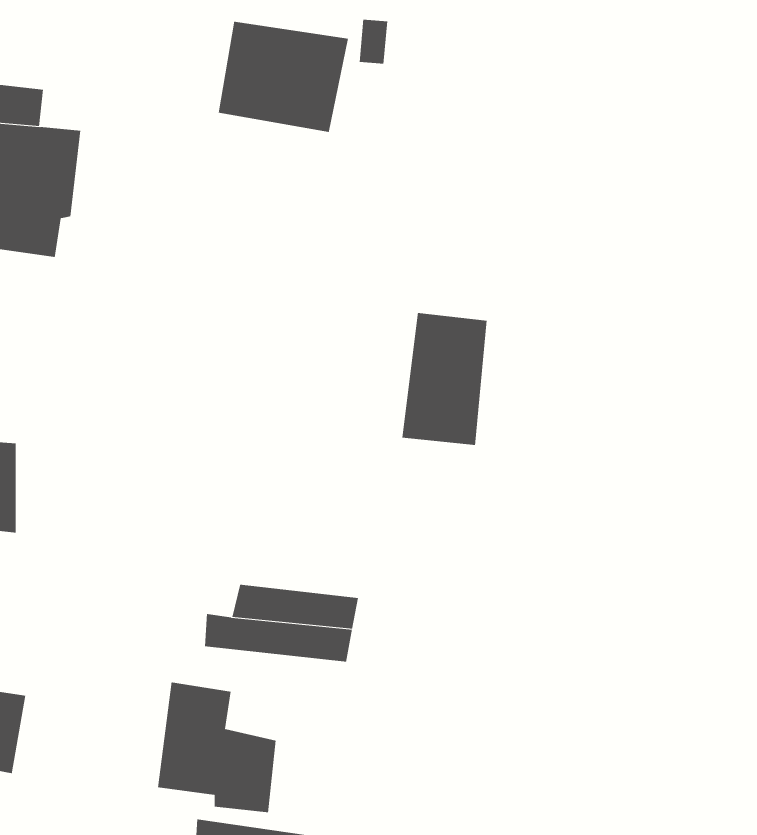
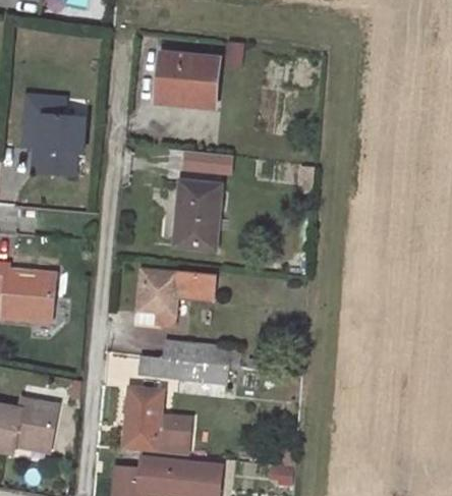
building: none -> [182,149,230,174]
building: [402,313,488,446] -> [173,181,218,251]
building: none -> [137,272,211,330]

